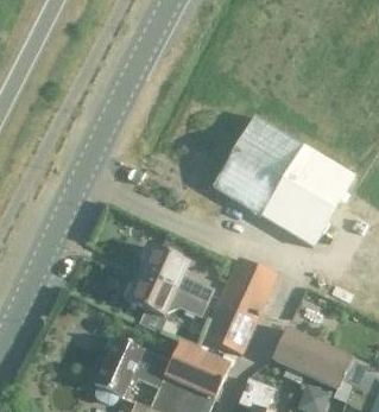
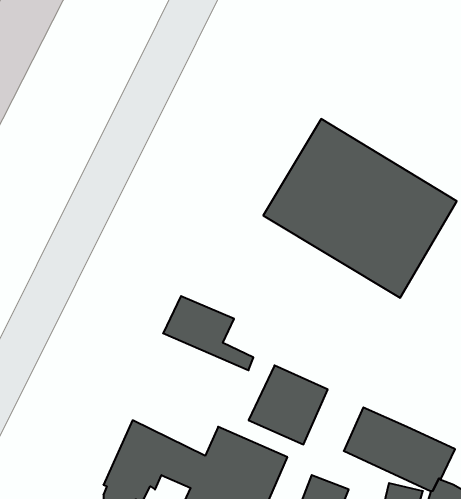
building: [221,258,279,315] -> none
building: [127,273,208,318] -> none

